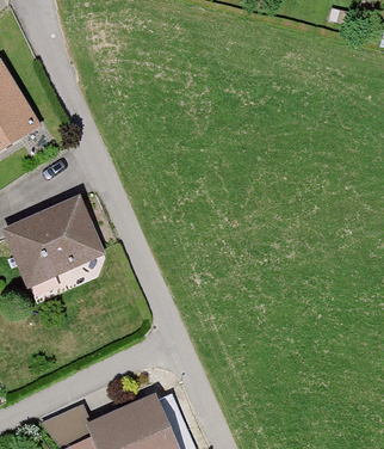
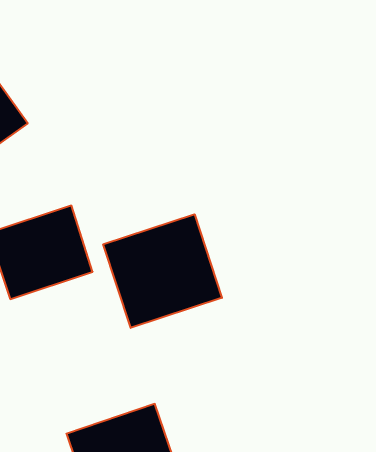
building: none -> [103,214,222,328]

